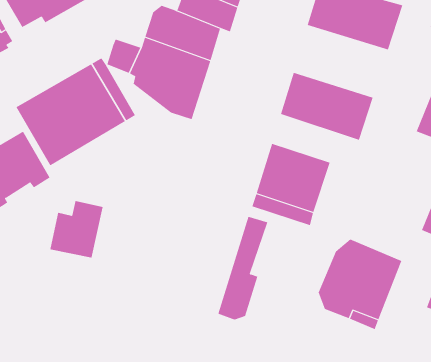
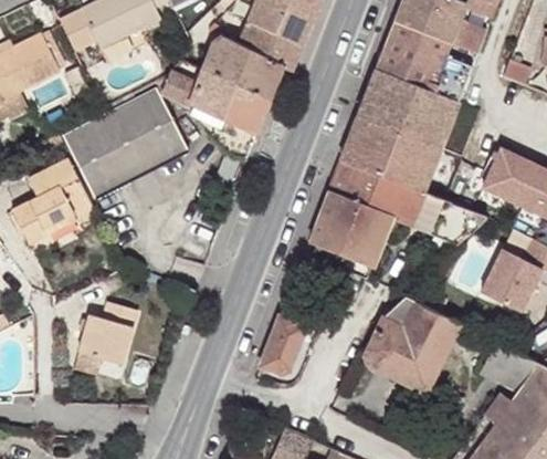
building: none -> [357,67,459,148]
building: none -> [329,159,486,243]
building: [50,200,104,258] -> [80,303,139,365]

